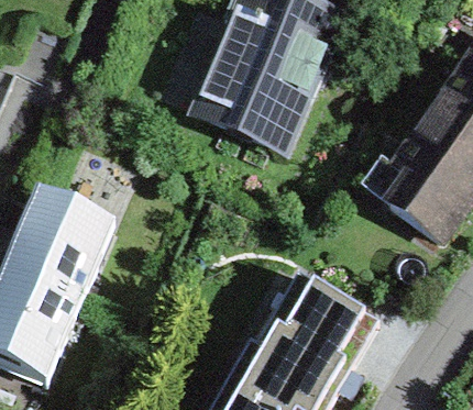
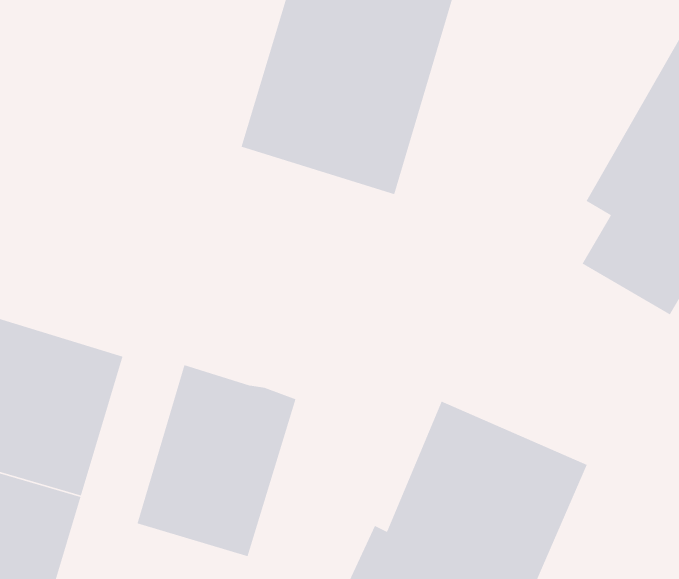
building: none -> [137,364,297,557]

